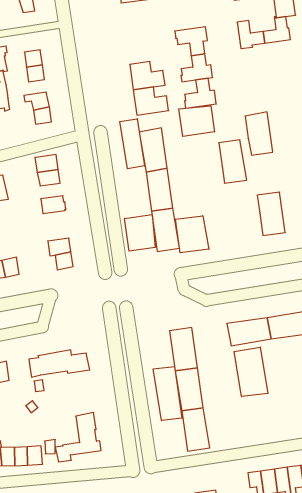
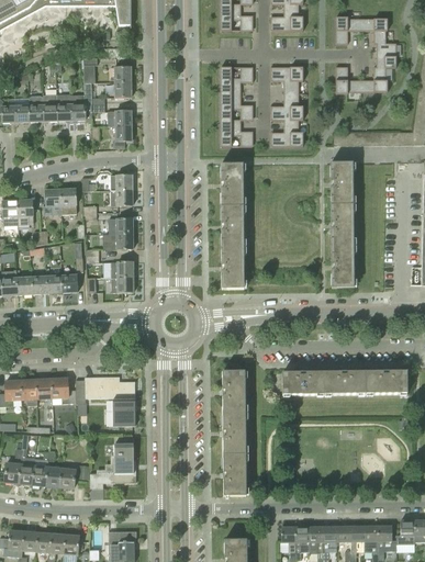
building: none -> [220,66,253,93]
building: [179,106,214,136] -> none
building: [120,119,144,169] -> none
building: [219,140,247,183] -> [331,203,354,245]
building: none -> [102,233,133,248]
building: [125,215,155,251] -> none
building: [175,216,209,253] -> none
building: [234,347,268,397] -> none
building: none -> [52,378,75,403]
building: [153,366,182,421] -> none
building: none -> [112,398,135,425]

